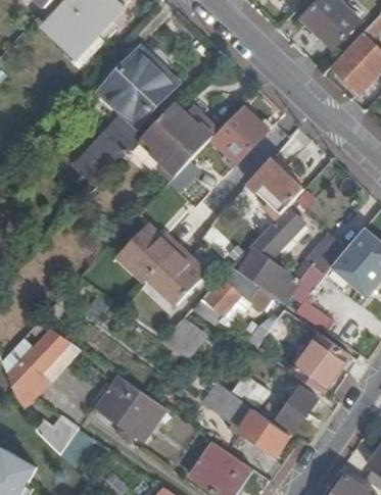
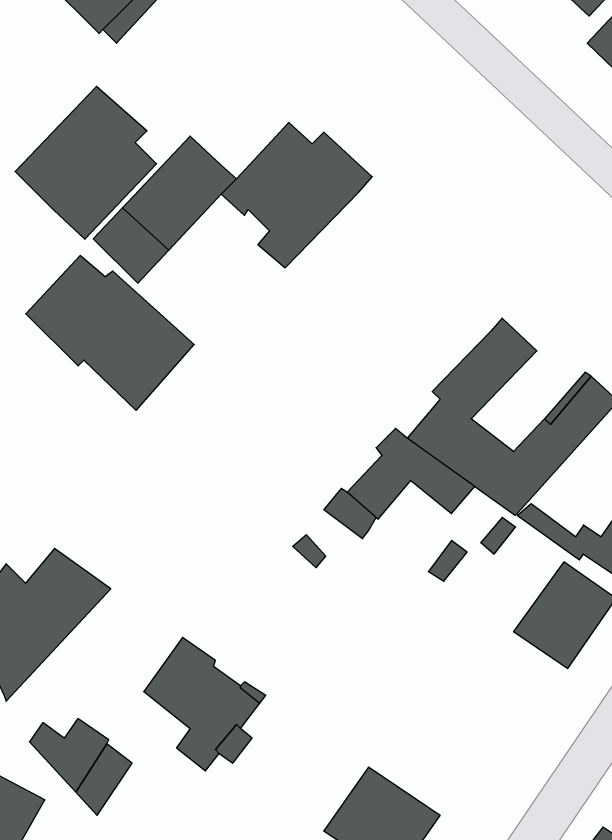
building: [100,46,175,127] -> [15,86,157,239]
building: [209,106,267,164] -> none
building: [246,159,302,214] -> none
building: [117,227,206,308] -> [26,256,194,410]
building: [275,388,315,431] -> none
building: [217,394,289,454] -> none

